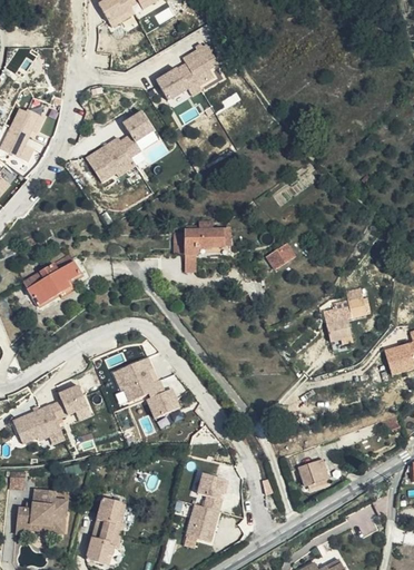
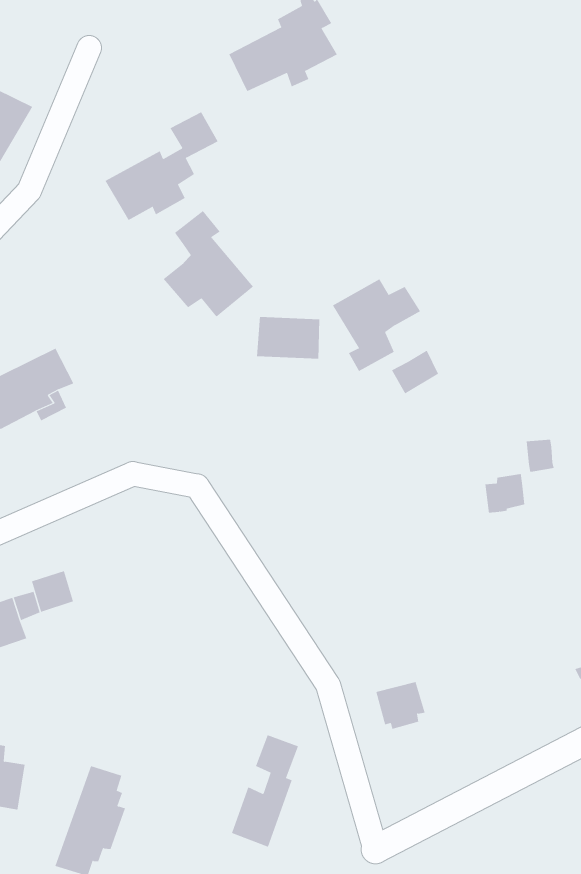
building: none -> [163,210,254,317]
building: none -> [332,278,421,372]
building: [114,360,178,417] -> none
building: [296,459,326,488] -> [375,681,426,729]

